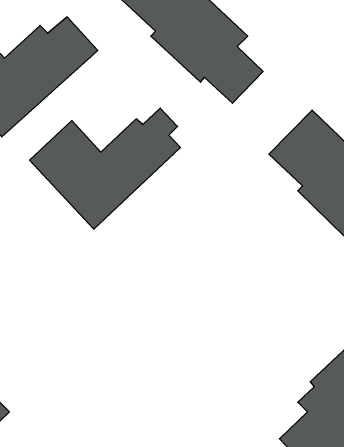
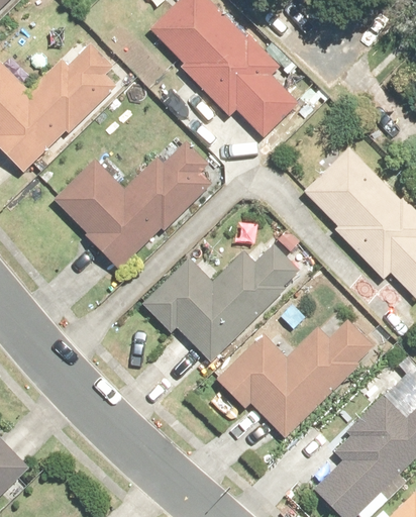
building: none -> [143,245,300,363]
building: none -> [218,320,378,437]

